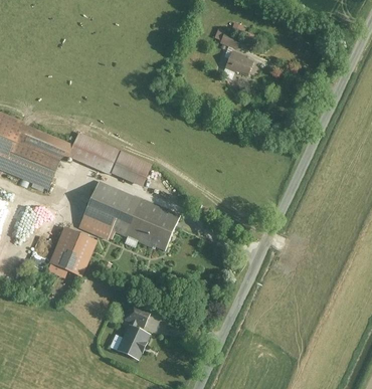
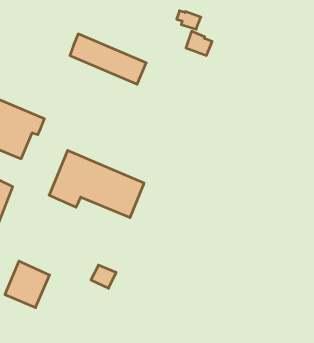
building: [68,133,151,187] -> [70,34,146,84]
building: [48,226,97,276] -> [5,261,50,308]
building: [116,325,149,360] -> none

